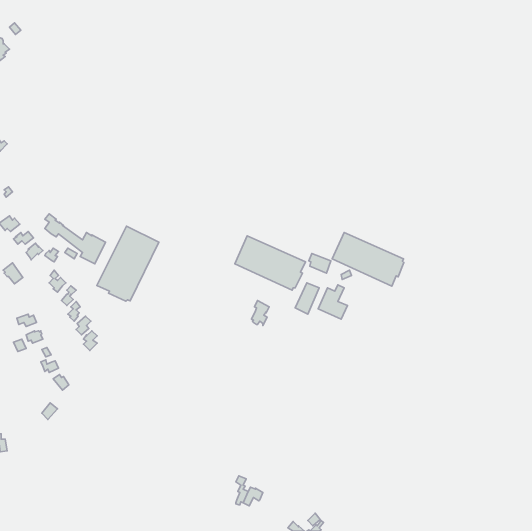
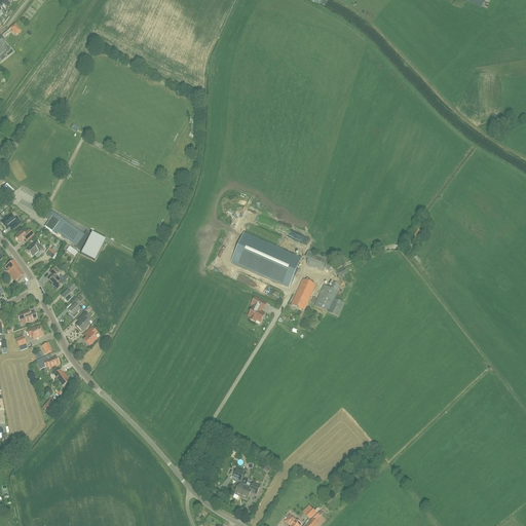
building: [97,226,159,301] -> none
building: [332,233,404,286] -> none

